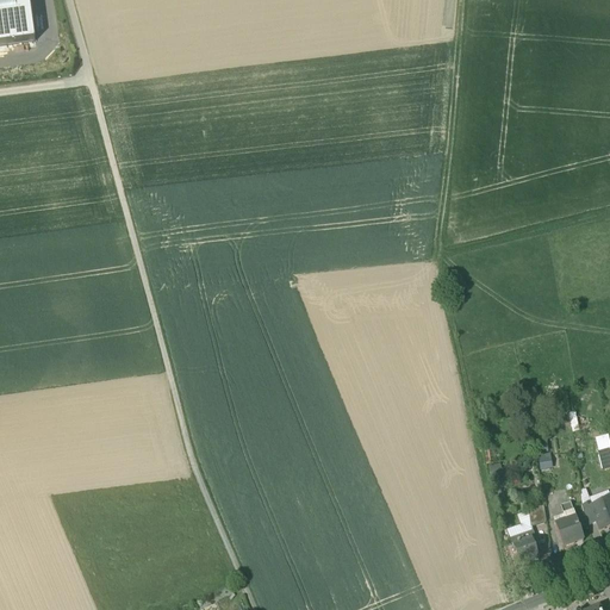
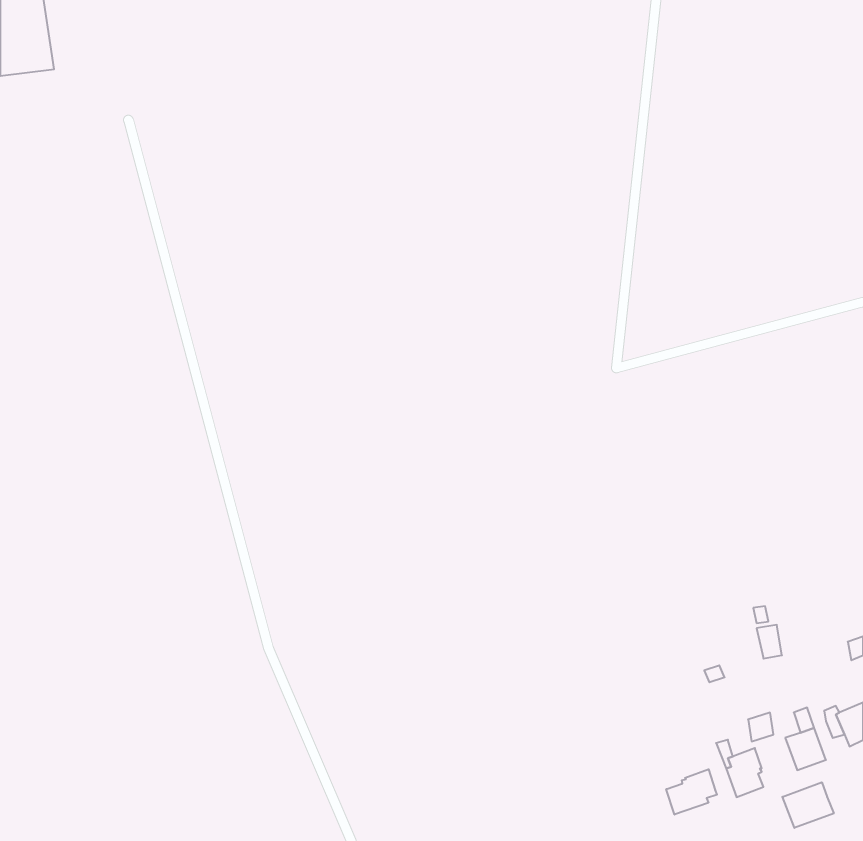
building: none -> [666,769,717,815]
building: none -> [782,782,834,828]

